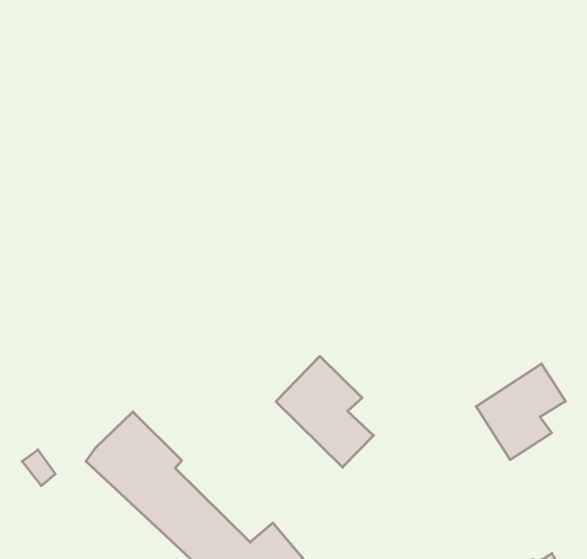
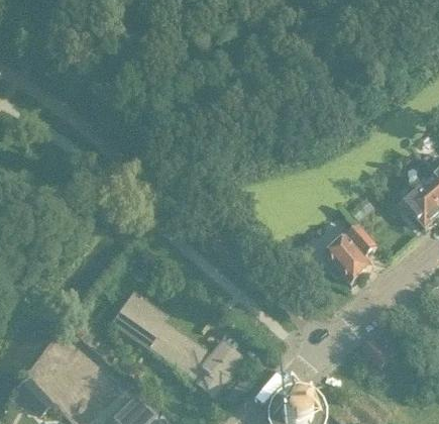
building: [276,356,374,467] -> none

